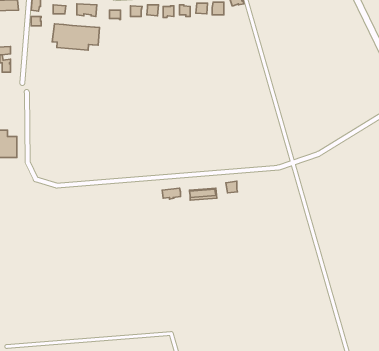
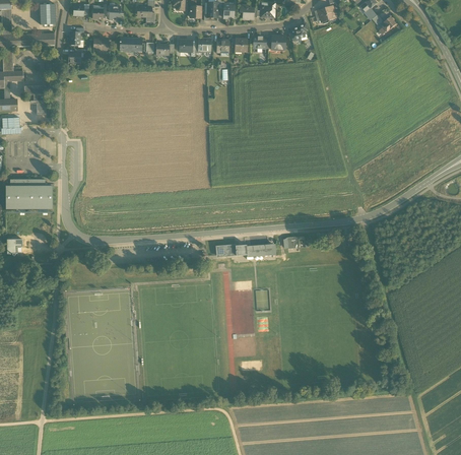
building: [52,24,100,50] -> none

